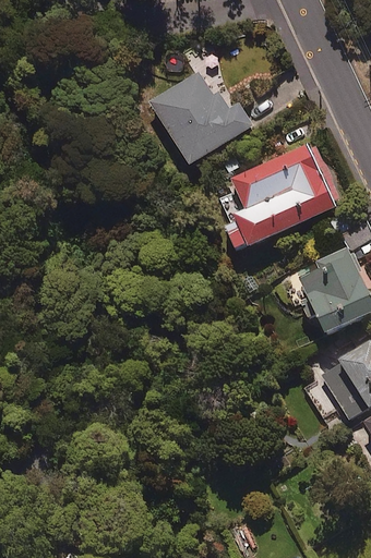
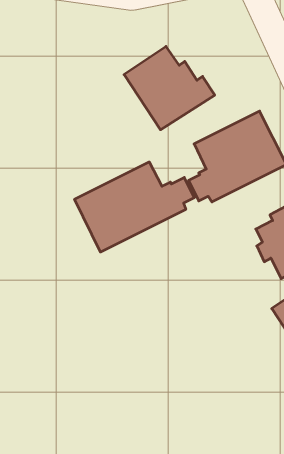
building: none -> [75,162,194,252]

